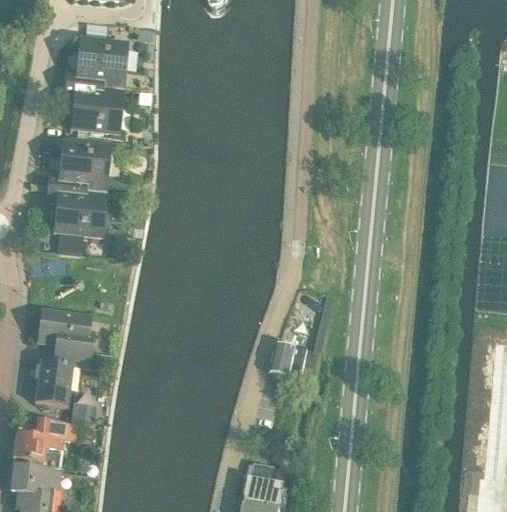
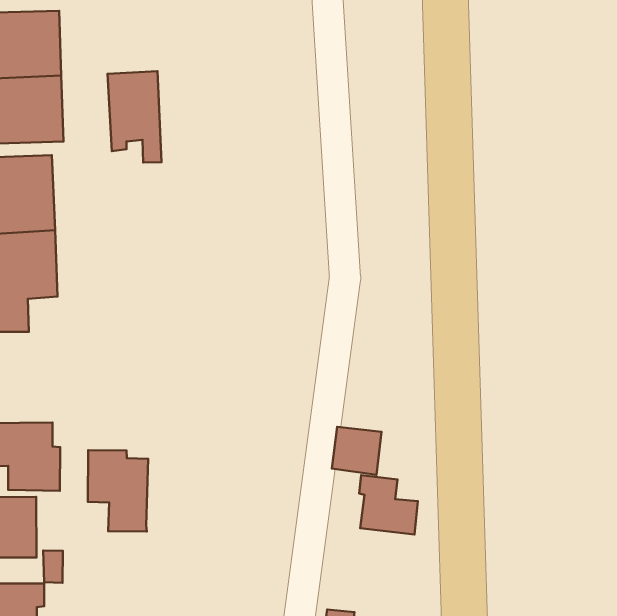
building: none -> [107,71,162,162]
building: none -> [88,450,148,532]
building: none -> [359,475,418,535]

